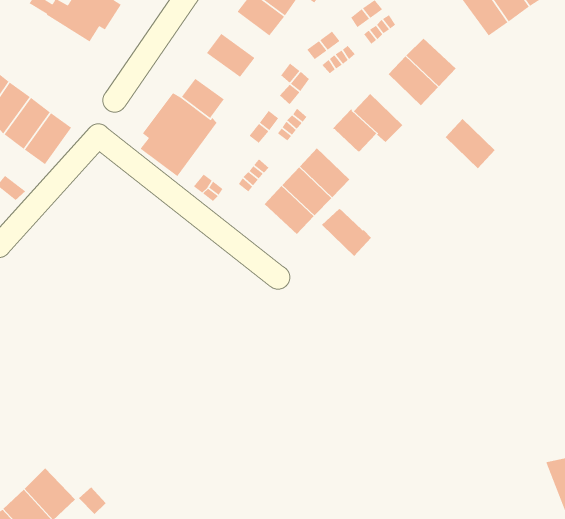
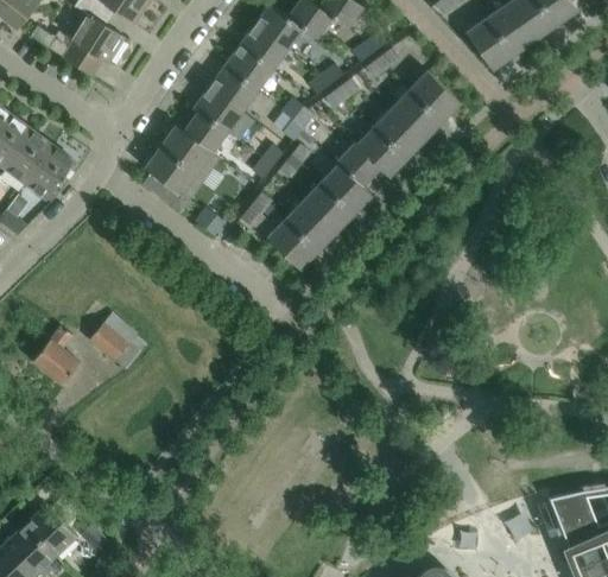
building: none -> [223,45,272,91]
building: none -> [192,87,242,133]
building: [445,118,496,169] -> [373,108,424,159]
building: [321,207,372,257] -> [319,164,370,214]
building: none -> [88,313,146,370]
building: none -> [32,326,80,385]

